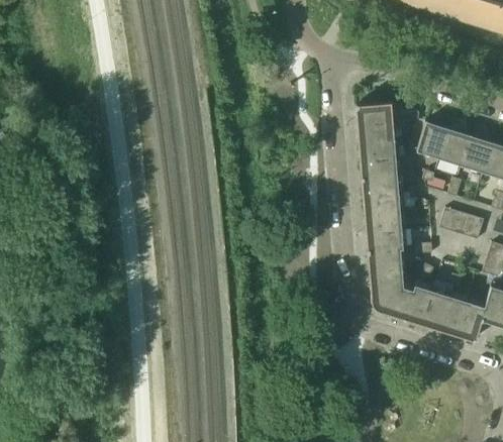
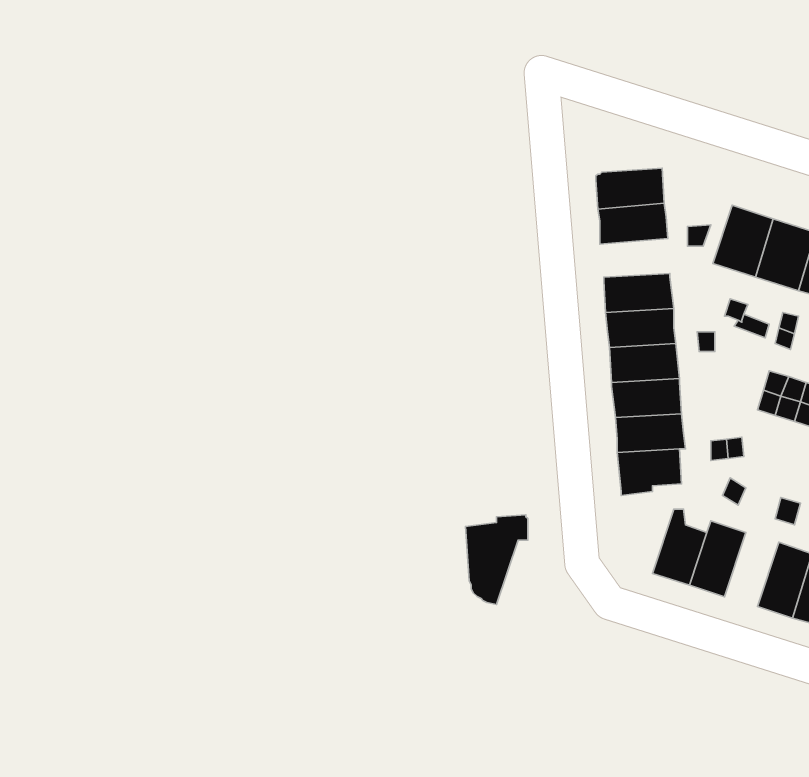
building: [362,139,398,159] -> none
building: [373,266,405,313] -> [465,515,528,604]
building: [426,292,455,330] -> none

